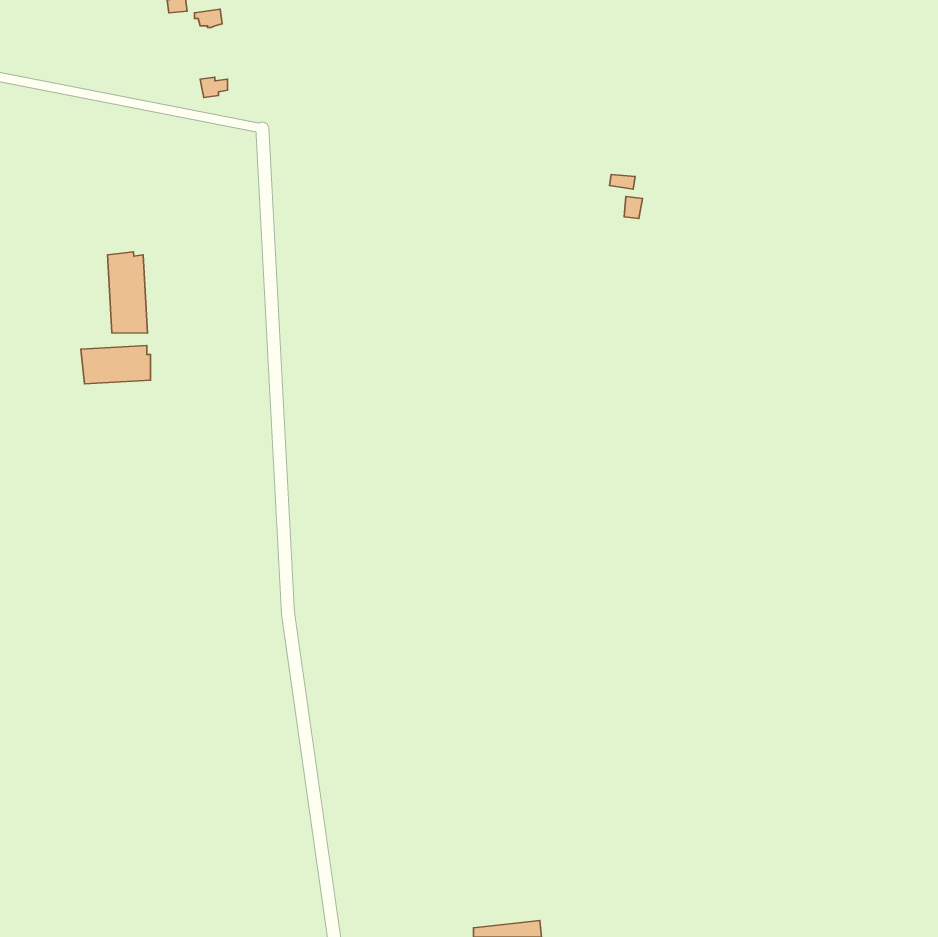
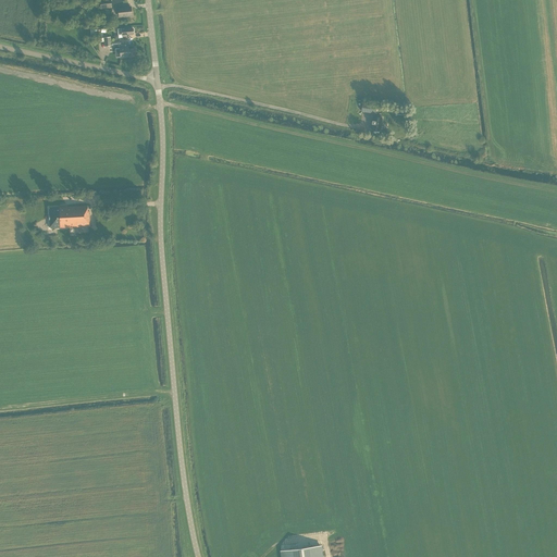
building: [108,252,147,333] -> none

